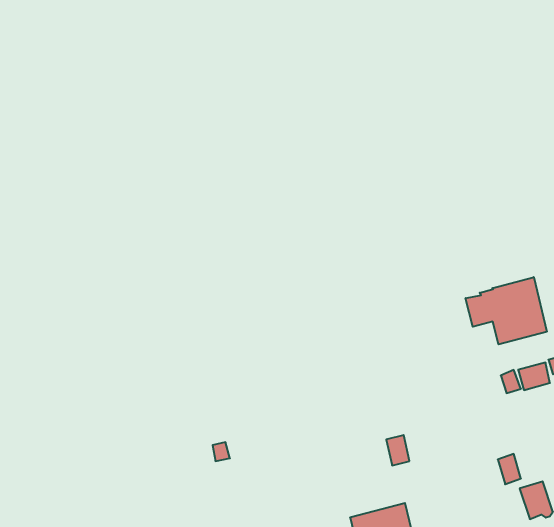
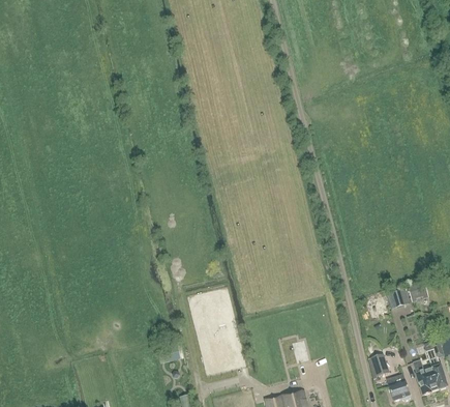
building: [466,277,547,344] -> none

